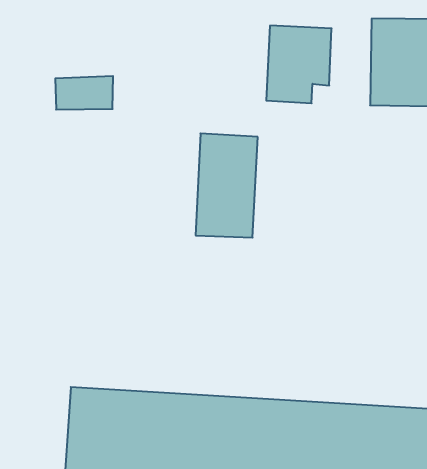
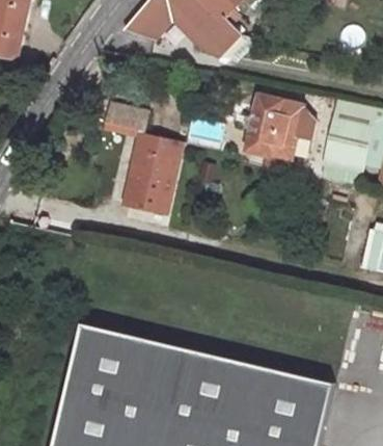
building: [196,133,258,238] -> [128,133,183,212]

